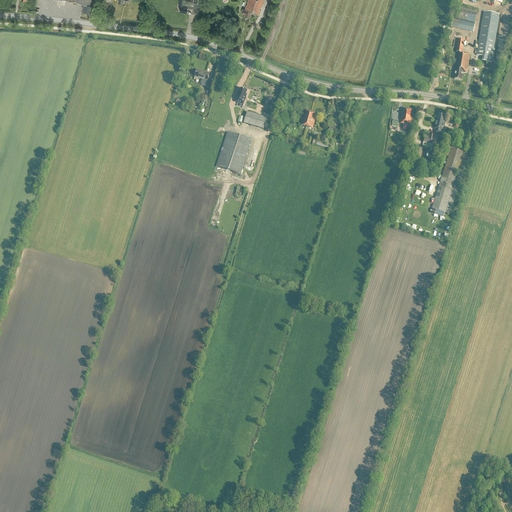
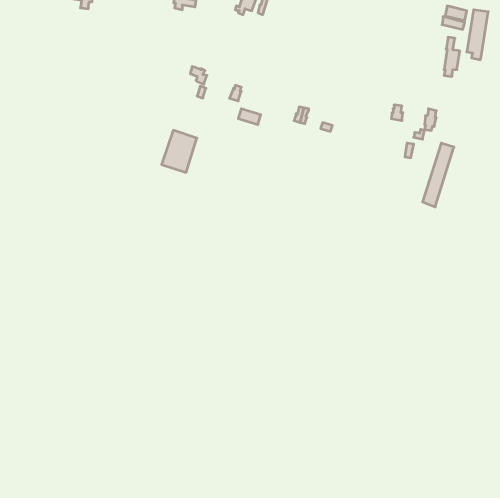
building: [215,130,251,173] -> [162,130,197,172]

